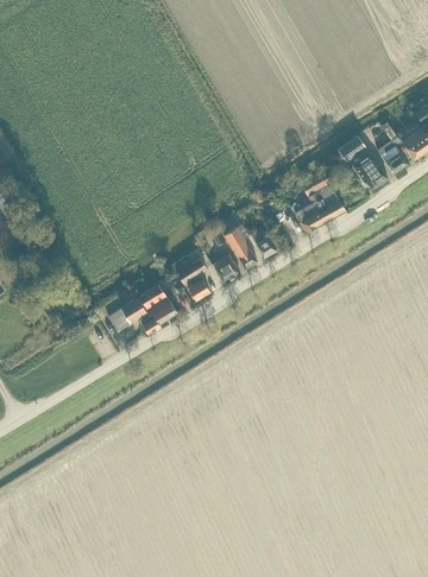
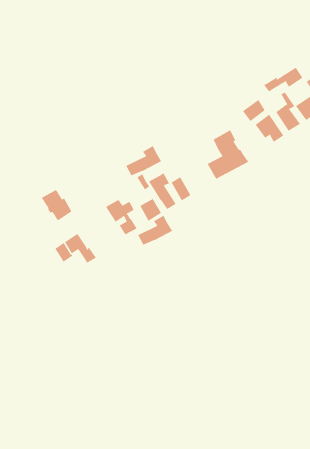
building: none -> [264,67,303,92]
building: none -> [126,145,162,176]
building: none -> [137,215,173,245]
building: [138,285,176,324] -> [41,189,72,221]

